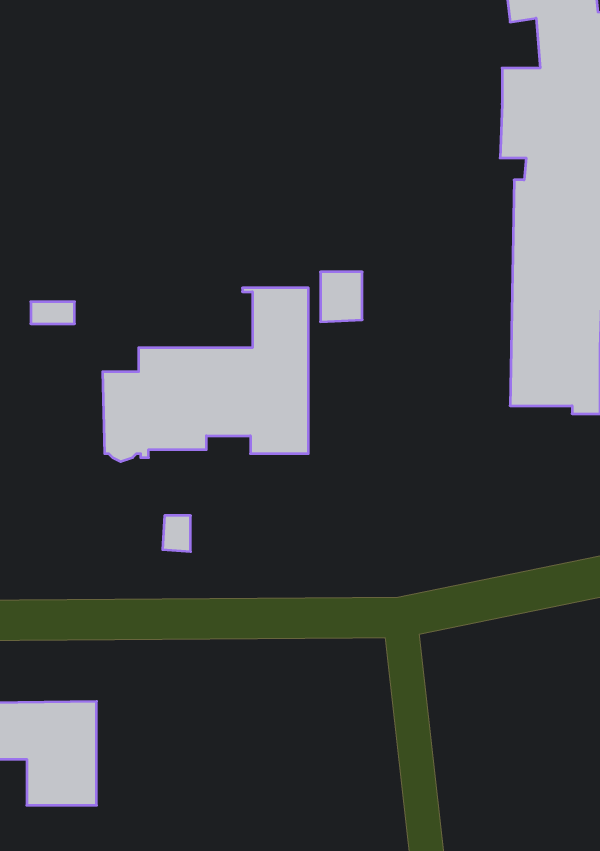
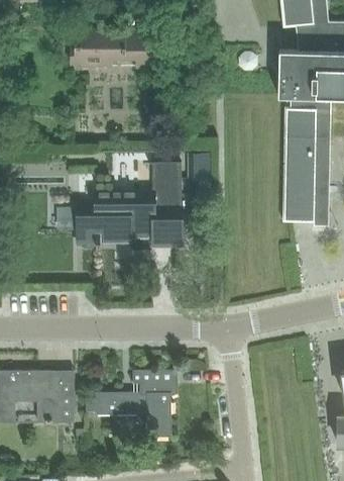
building: none -> [70,29,152,72]
building: none -> [86,372,178,439]

